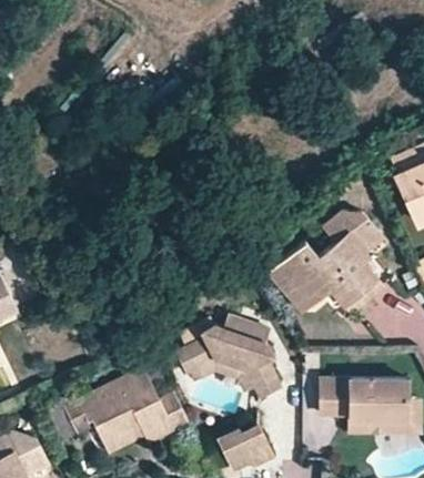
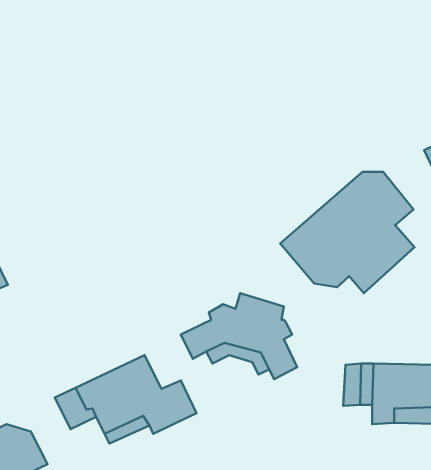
building: [216,423,273,469] -> none

